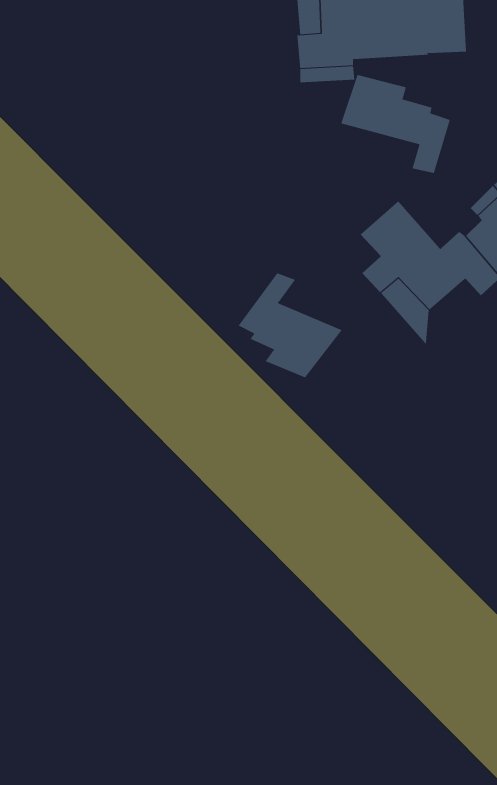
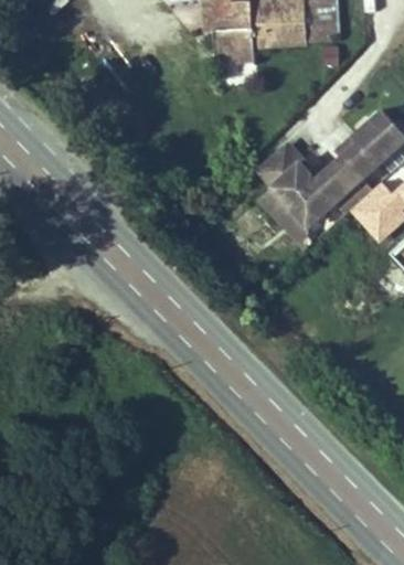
building: [340,74,451,174] -> none
building: [238,273,342,378] -> none

